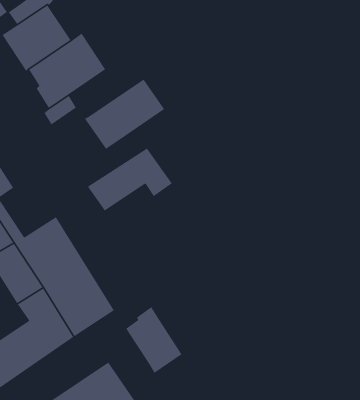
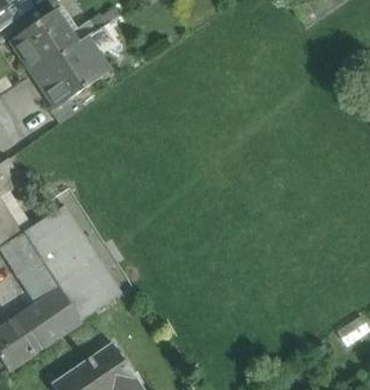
building: [84,78,165,150] -> none
building: [87,148,173,212] -> none
building: [125,306,183,374] -> none

